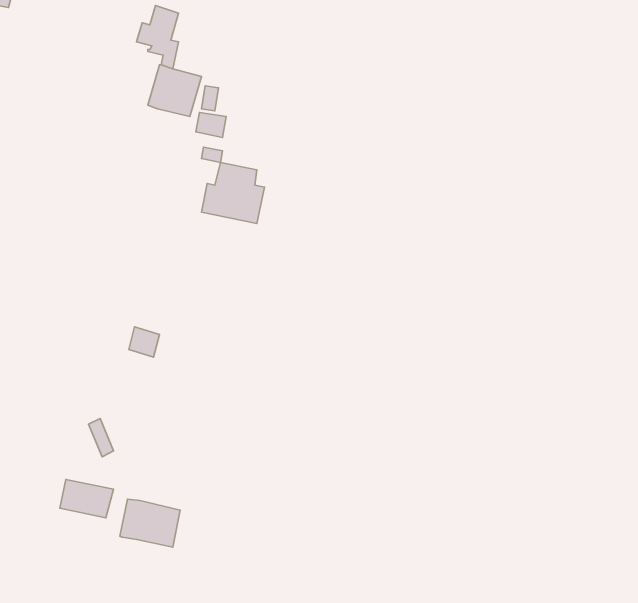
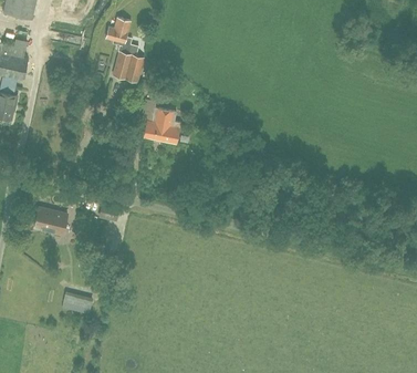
building: none -> [34,207,67,234]
building: [120,499,180,547] -> none

